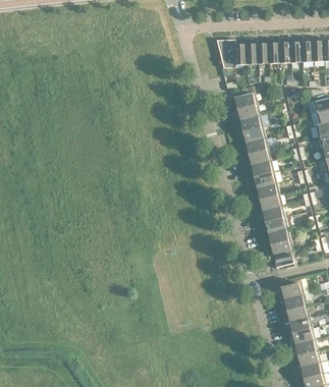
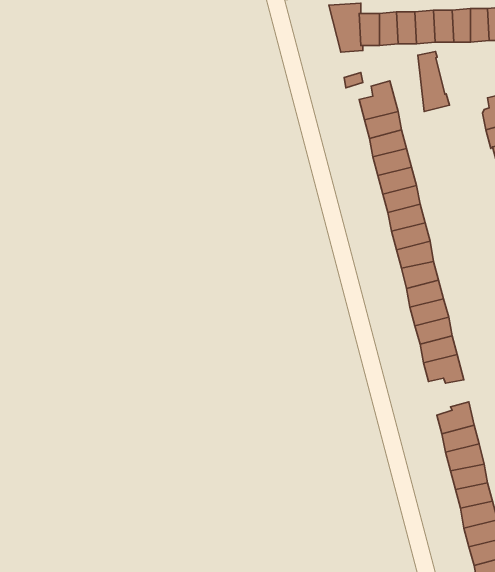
building: none -> [418,52,450,112]

